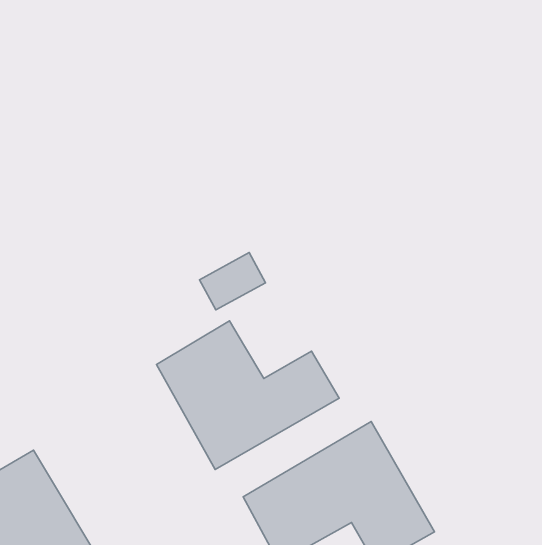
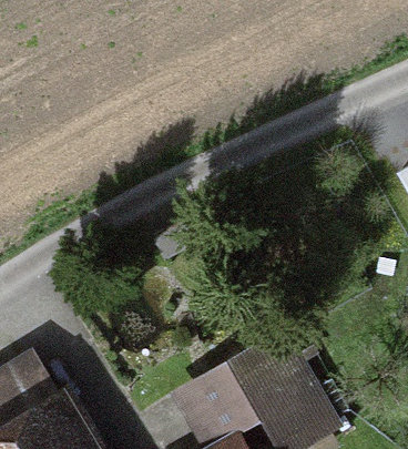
building: [157,321,339,470] -> none

